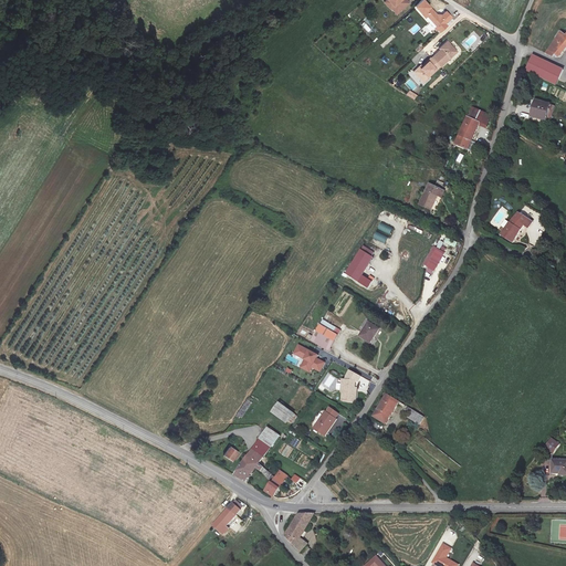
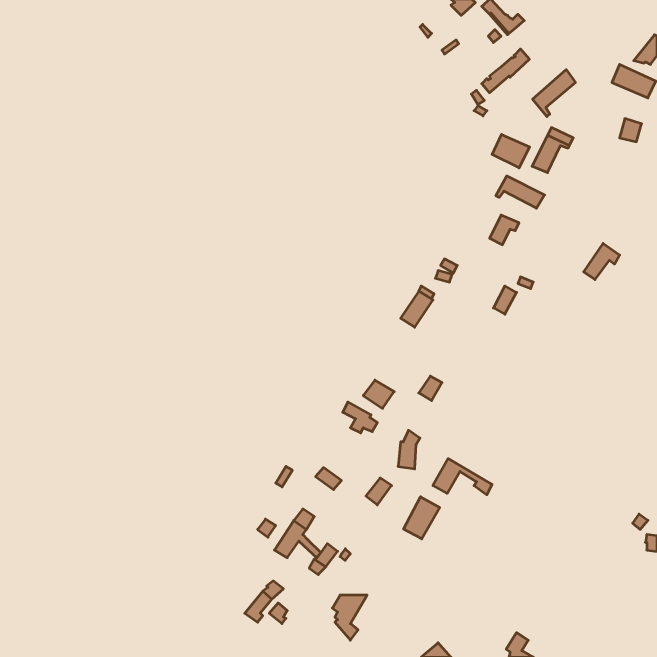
building: none -> [533,70,575,117]
building: none -> [492,134,530,168]
building: none -> [496,176,545,208]
building: none -> [404,497,440,539]

